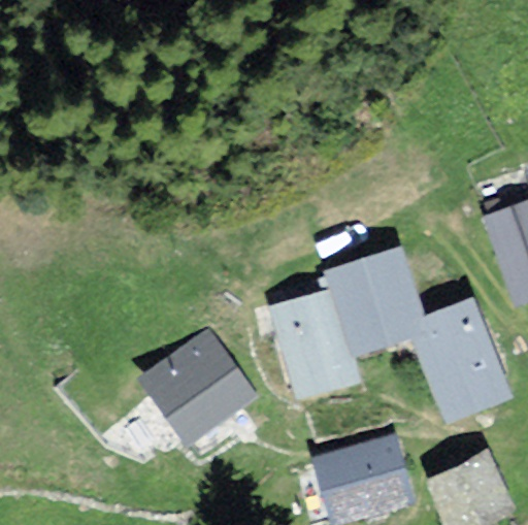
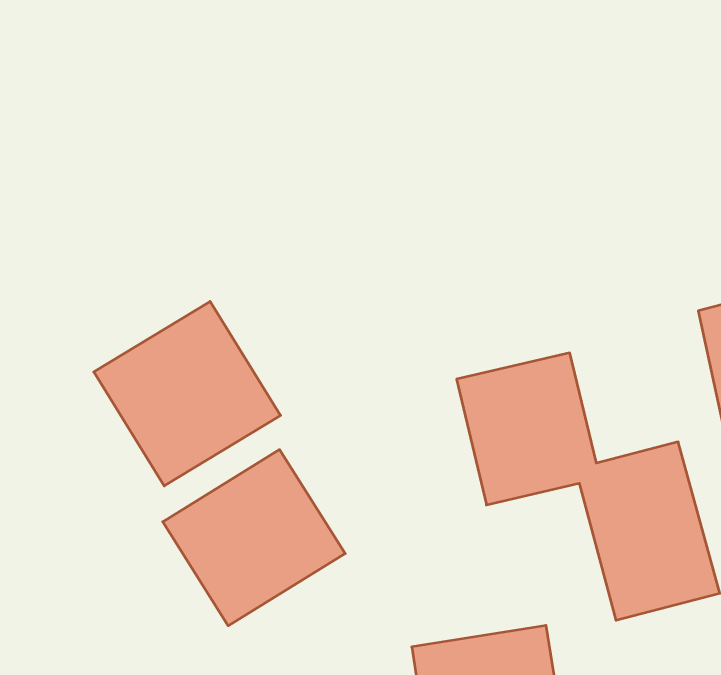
building: none -> [94,301,281,486]
building: [266,287,357,396] -> none

